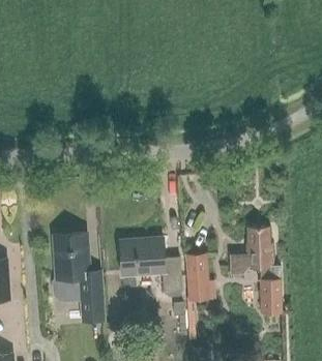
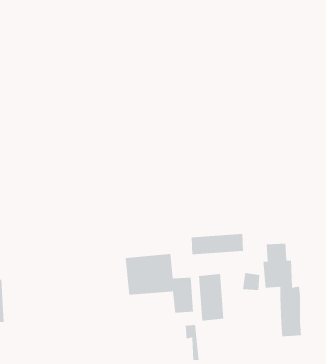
building: none -> [191,233,244,255]
building: [53,234,106,322] -> none

